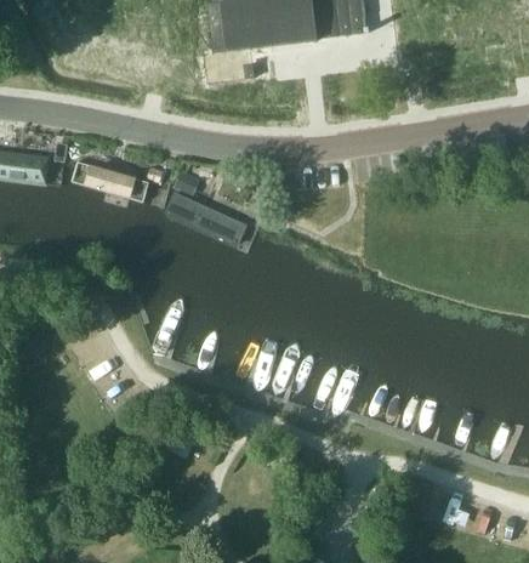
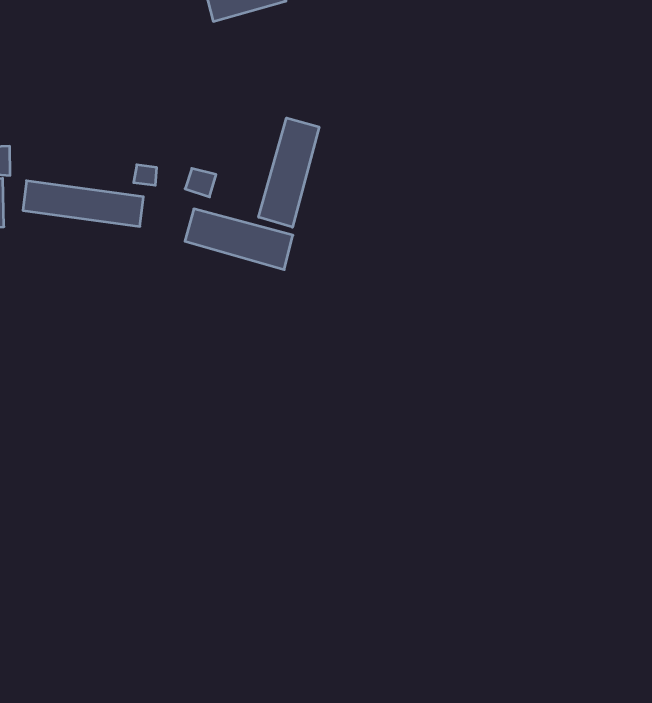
building: none -> [259,118,319,227]

